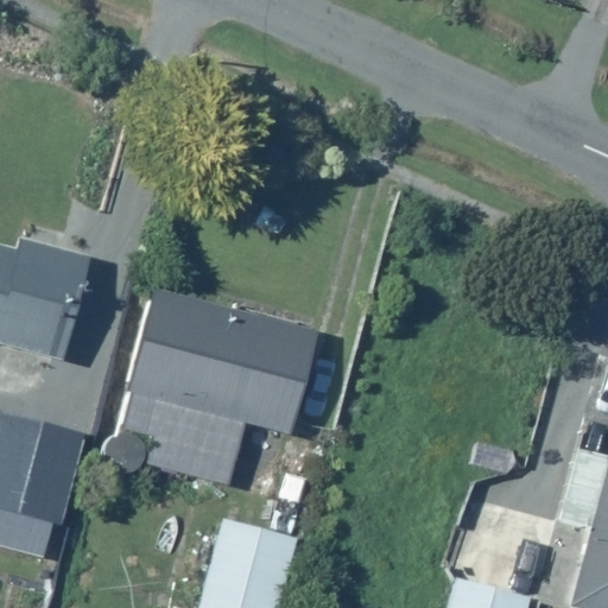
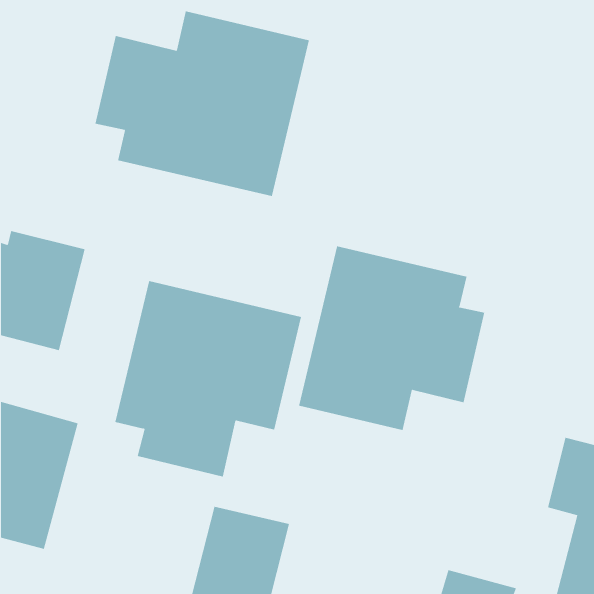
building: none -> [95,10,310,197]
building: none -> [299,246,485,431]

